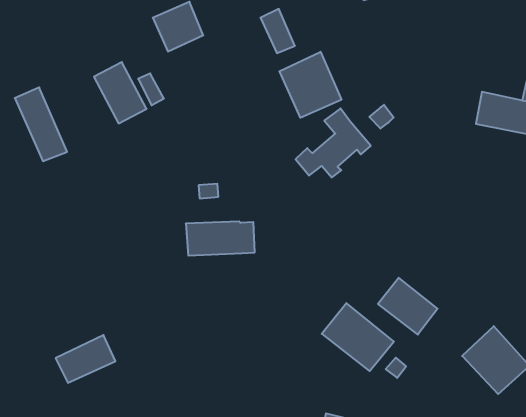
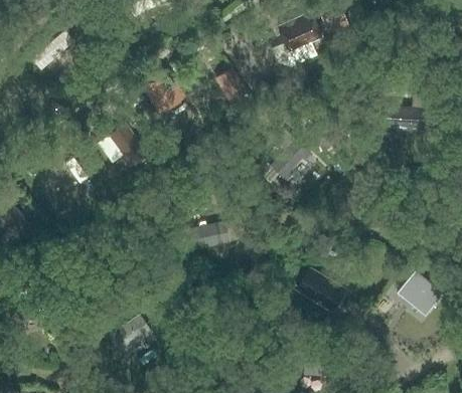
building: [279,52,341,118] -> none
building: [378,278,438,335] -> none

